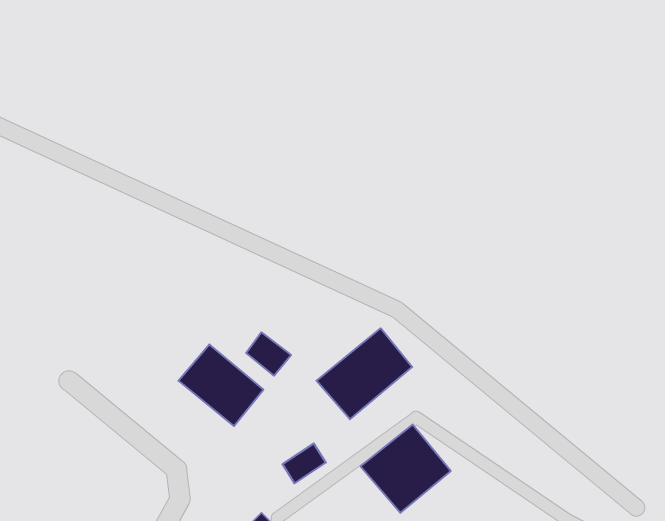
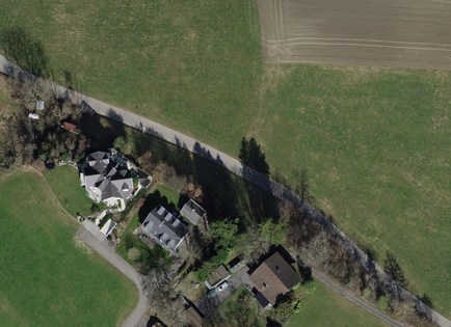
building: none -> [84,152,137,202]
building: [316,328,412,419] -> none

